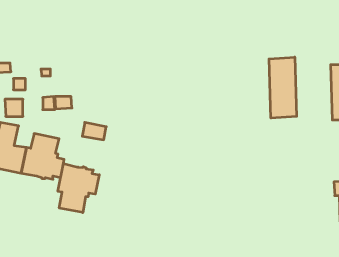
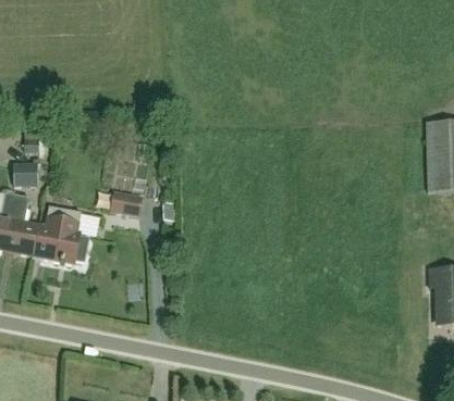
building: [269,57,297,118] -> none
building: [58,164,99,213] -> none

